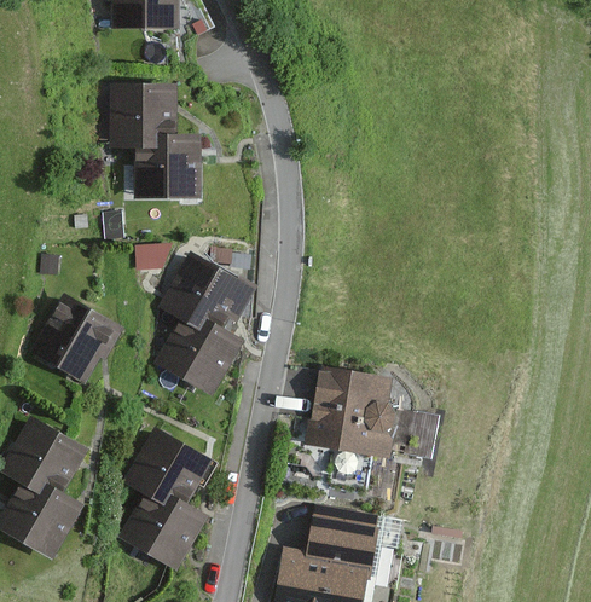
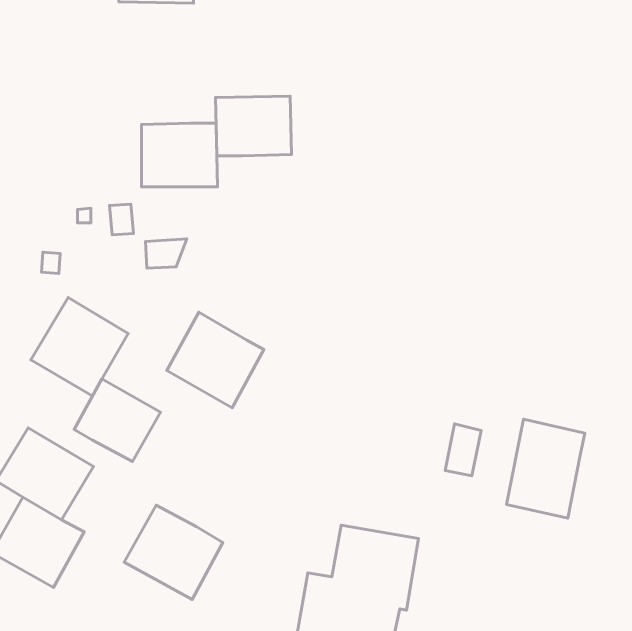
building: [108,85,176,139] -> [215,96,291,156]
building: [164,251,255,335] -> none
building: [308,367,398,457] -> none
building: none -> [506,419,585,518]
building: [128,429,207,504] -> [74,379,161,461]

